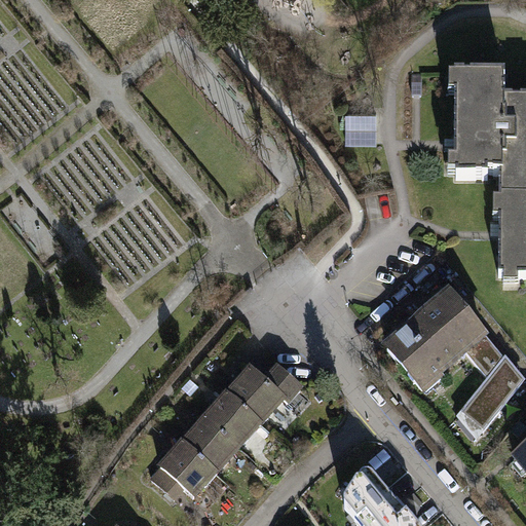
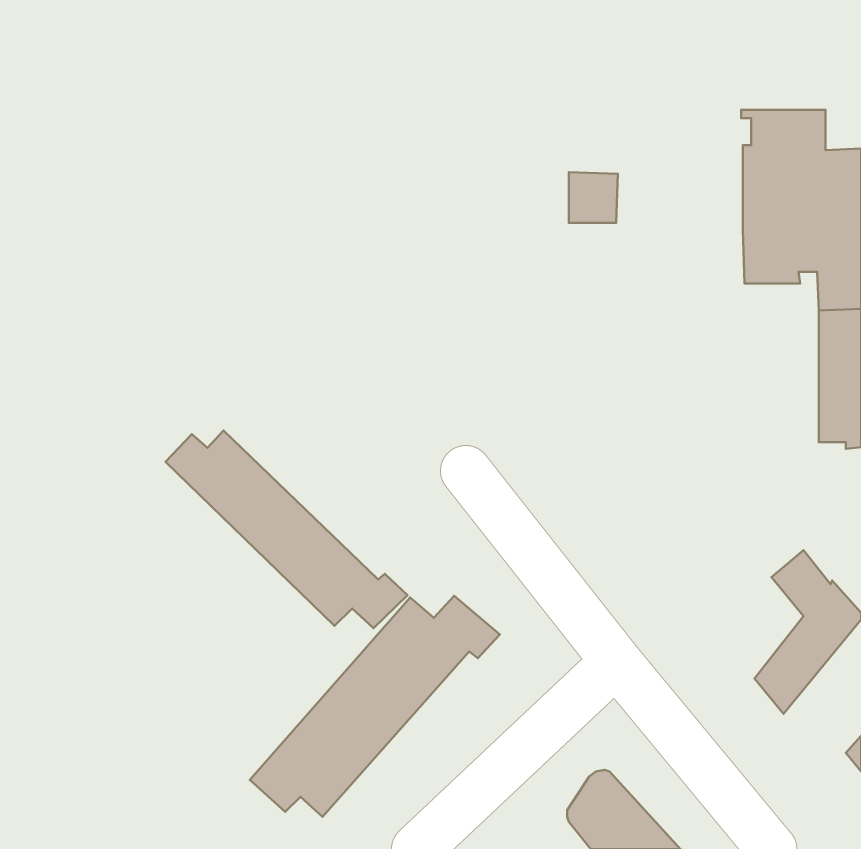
building: none -> [165,431,408,628]
building: [384,288,489,391] -> none

